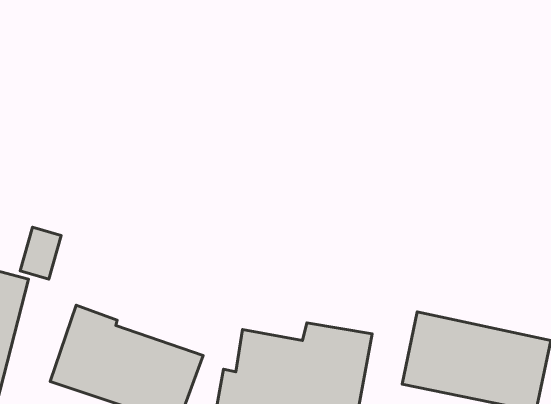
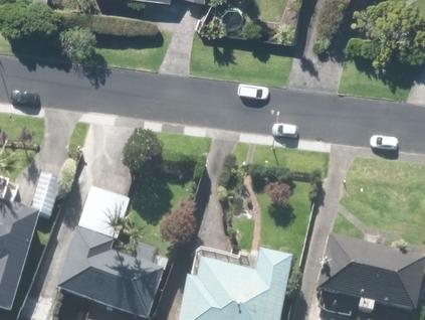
building: none -> [75,192,128,246]

